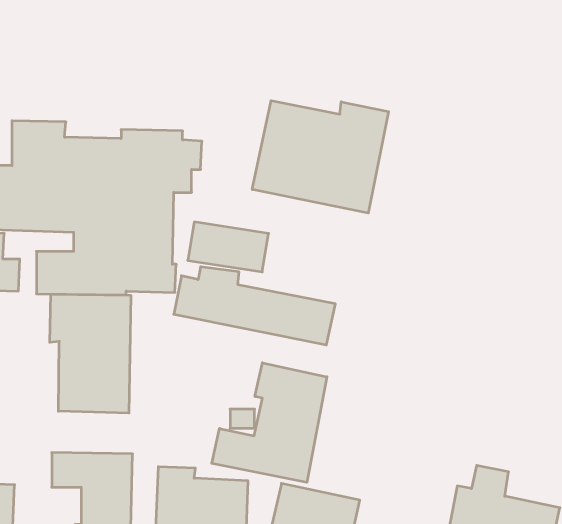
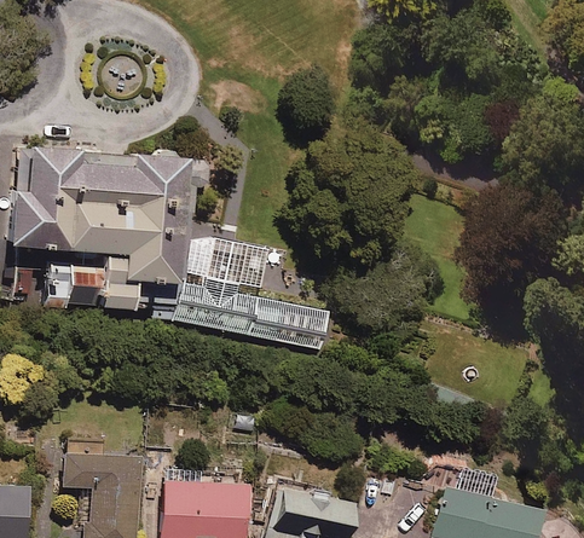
building: [252,101,389,213] -> none
building: [50,294,131,413] -> none
building: [212,363,327,482] -> none

